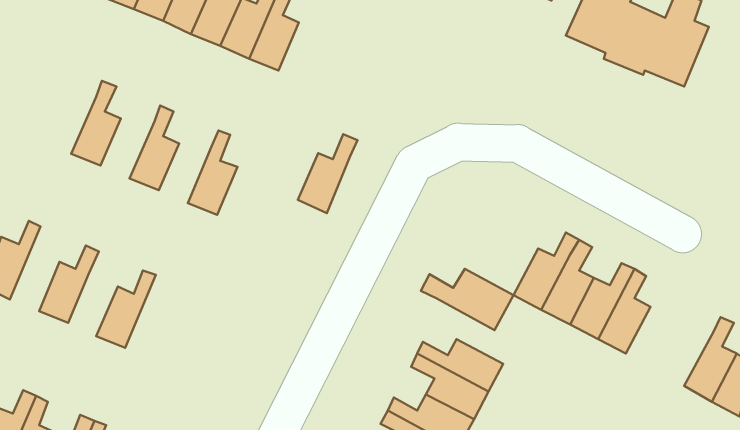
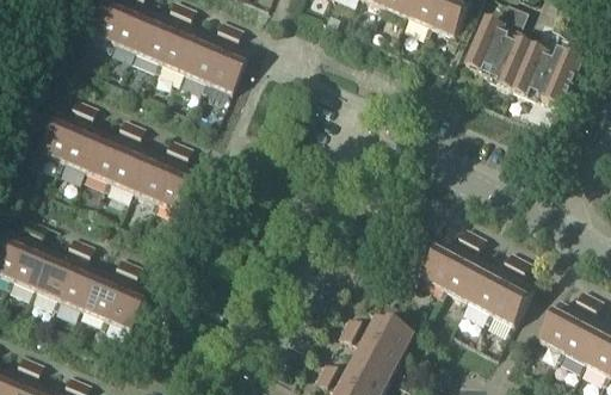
building: none -> [36,99,85,162]
building: none -> [84,118,132,183]
building: [298,134,358,213] -> [131,138,180,203]
building: none -> [10,222,50,291]
building: none -> [57,242,98,311]
building: [421,269,513,330] -> none
building: none -> [104,261,146,332]
building: none -> [538,291,591,352]

